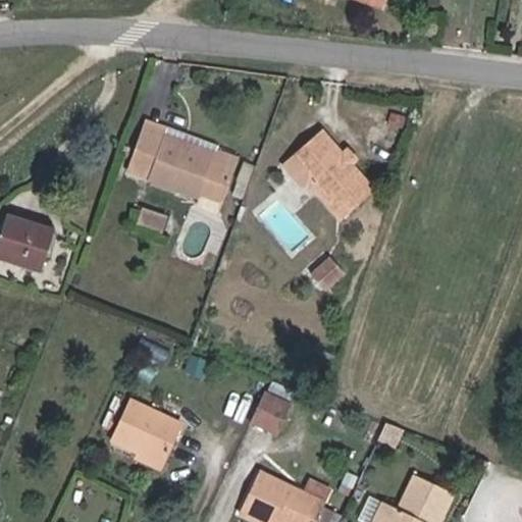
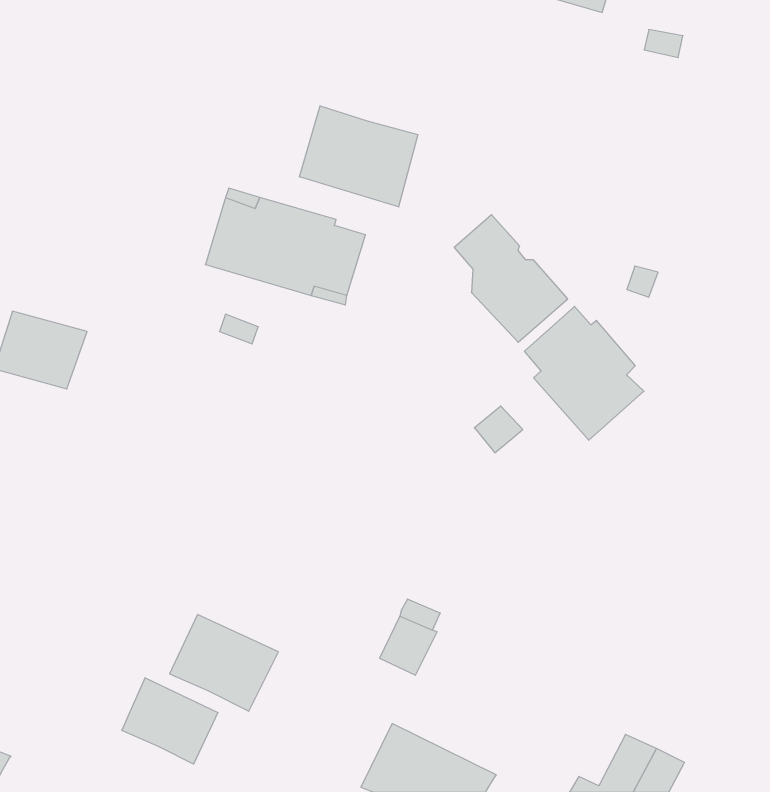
building: none -> [299,106,418,207]
building: none -> [525,306,644,440]
building: none -> [122,678,218,764]

